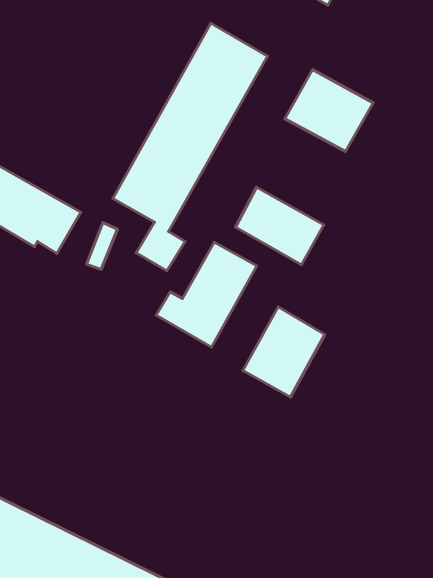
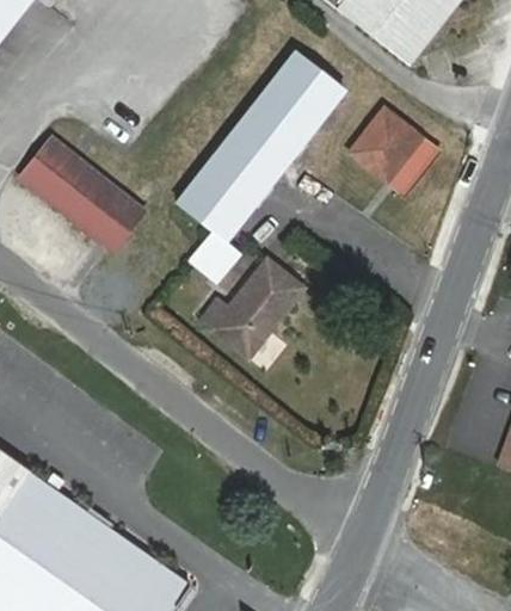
building: [235,187,324,265] -> none
building: [243,307,325,397] -> none

